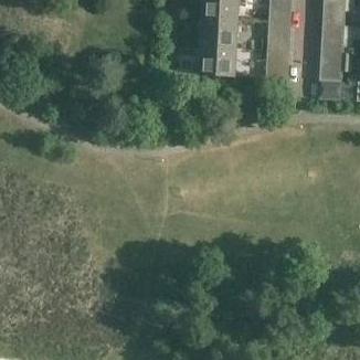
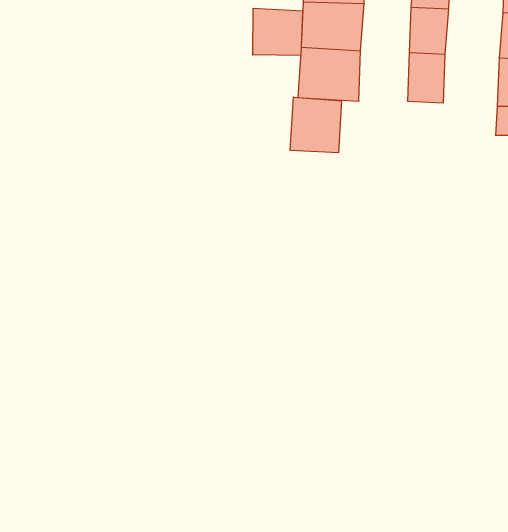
building: none -> [253,8,302,56]
building: none -> [290,97,342,153]

